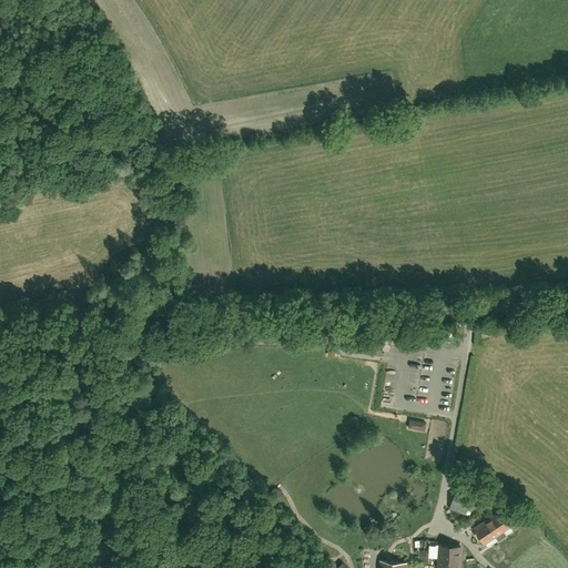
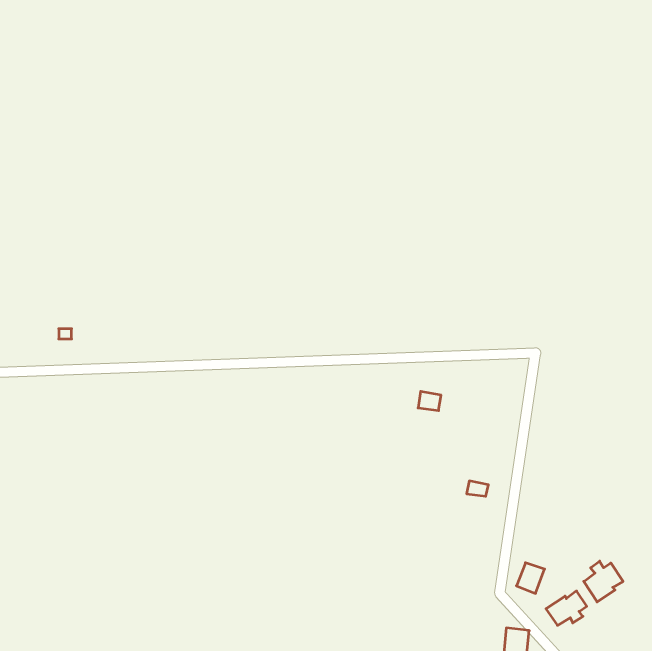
building: none -> [584,561,623,602]

